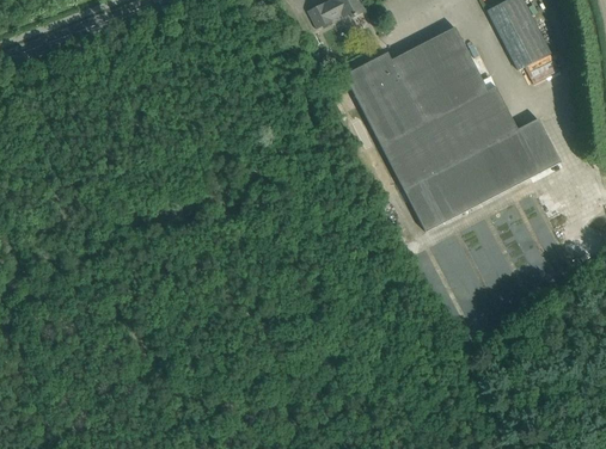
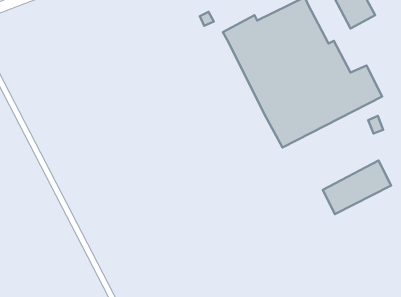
building: none -> [323,161,391,214]

